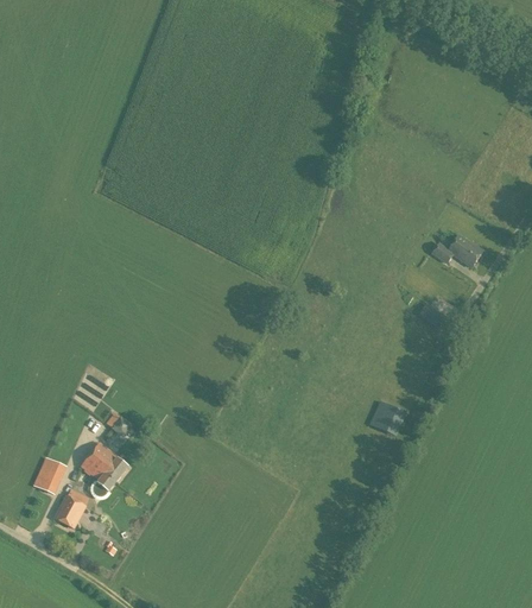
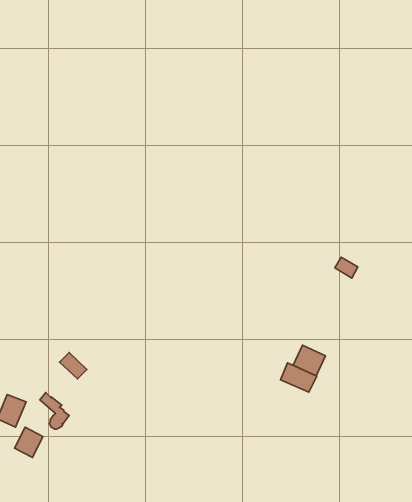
building: [433,234,483,266] -> none
building: none -> [280,363,317,392]
building: [89,442,127,481] -> none

